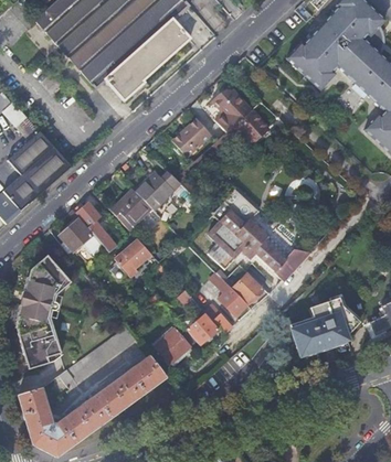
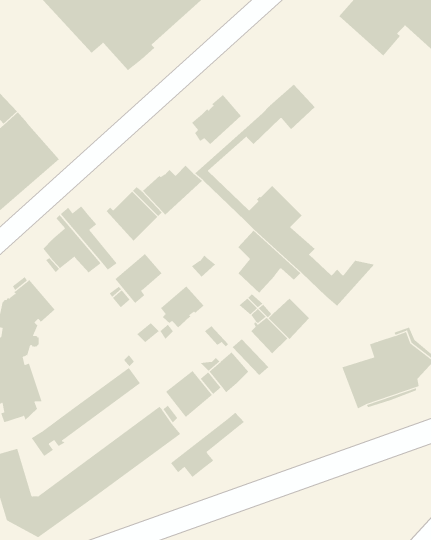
building: [213,87,253,131] -> none
building: none -> [160,285,204,328]
building: none -> [170,412,245,478]

